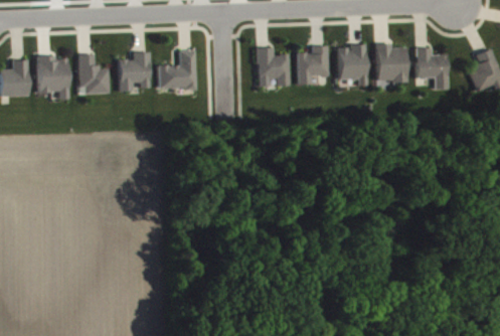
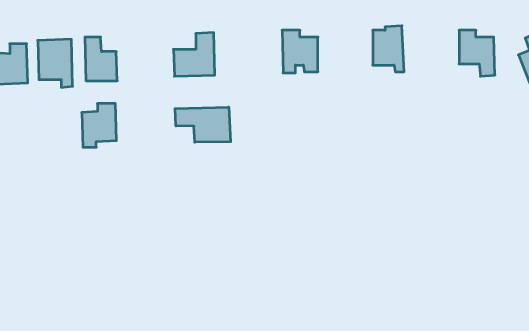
building: [375,43,407,88] -> none
building: [297,46,328,85] -> none
building: [119,52,150,92] -> [82,104,116,147]
building: none -> [175,107,231,142]

